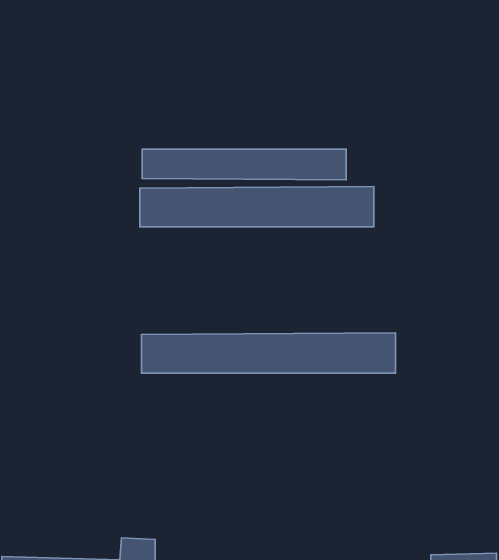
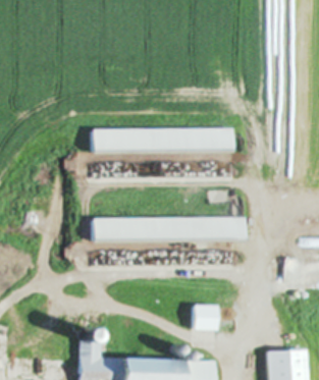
building: [142,149,346,180] -> none
building: none -> [194,305,218,330]

